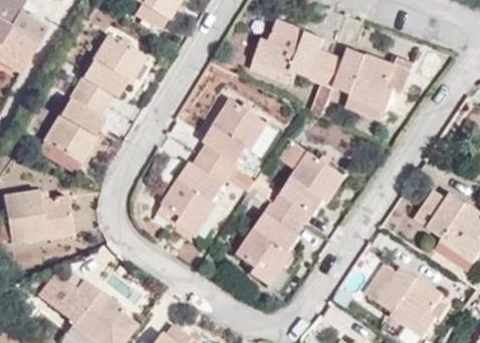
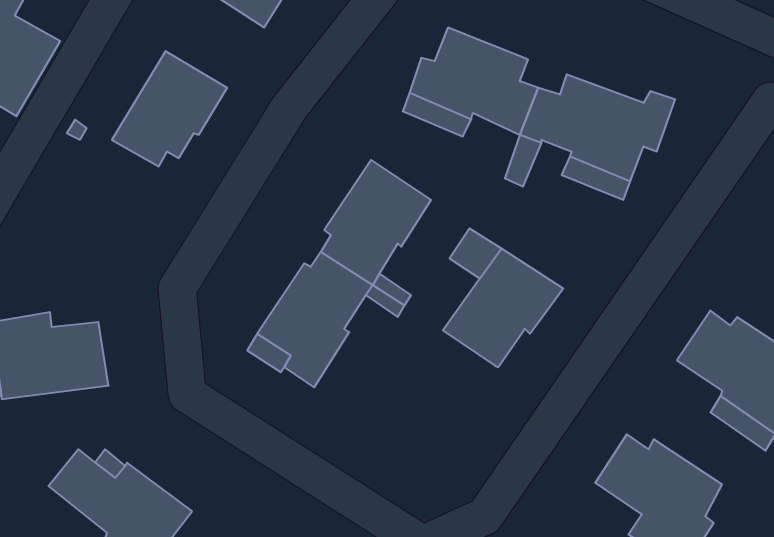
building: [43,87,103,163] -> none
building: [238,202,305,285] -> none

